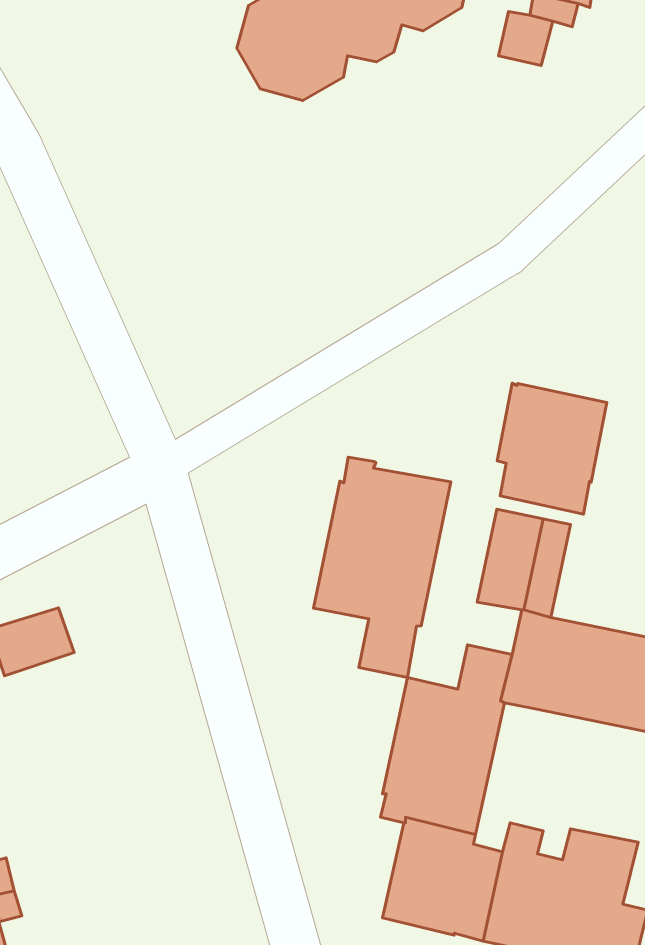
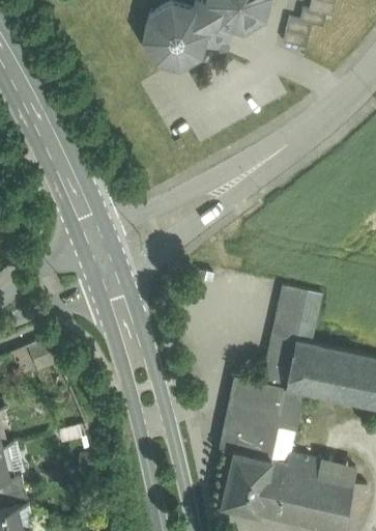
building: [497,383,607,514] -> none
building: [313,457,451,678] -> none
building: none -> [266,337,295,365]
building: none -> [269,391,301,471]

